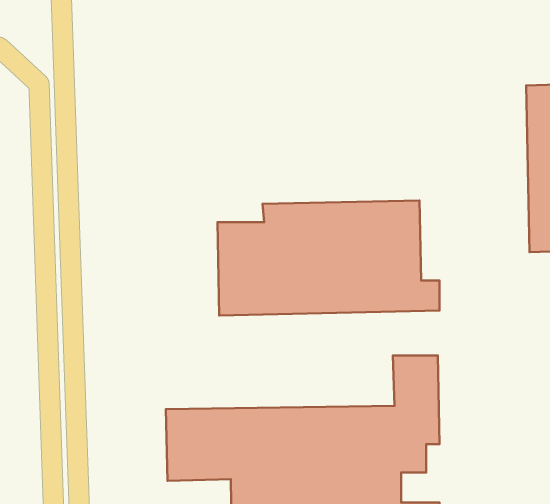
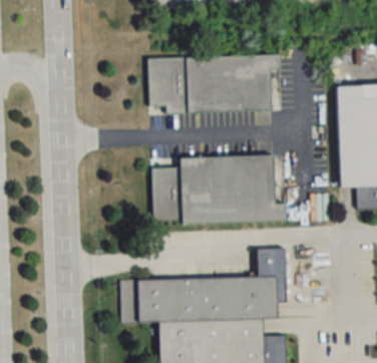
building: none -> [147,55,281,114]

